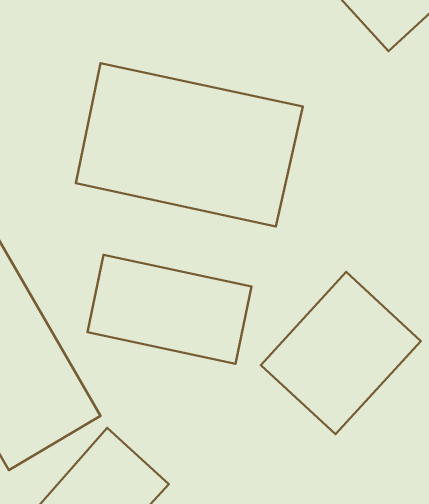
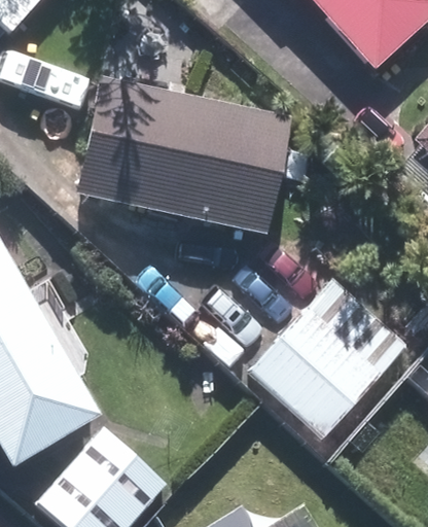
building: [88,255,252,364] -> none

